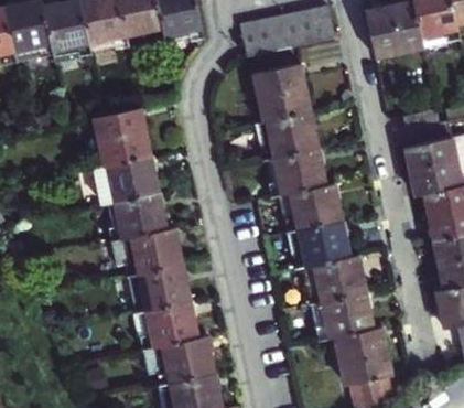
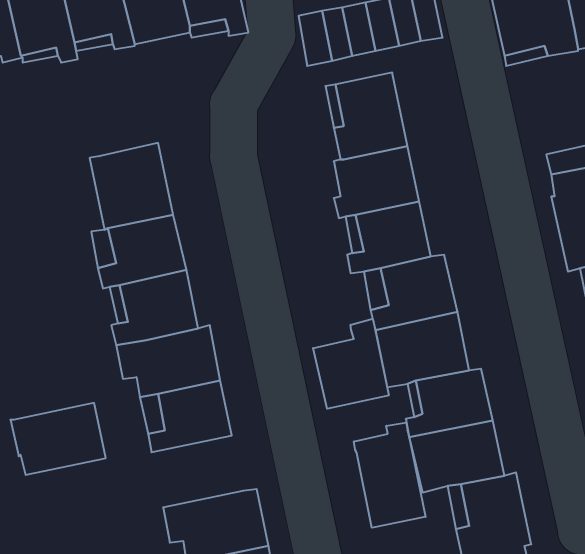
building: none -> [313,319,389,409]
building: none -> [354,423,426,528]
building: [138,300,201,347] -> [10,403,106,475]

